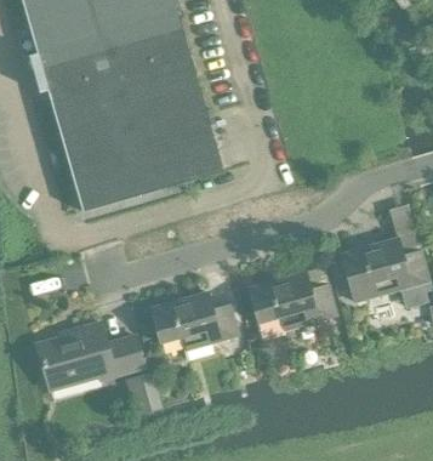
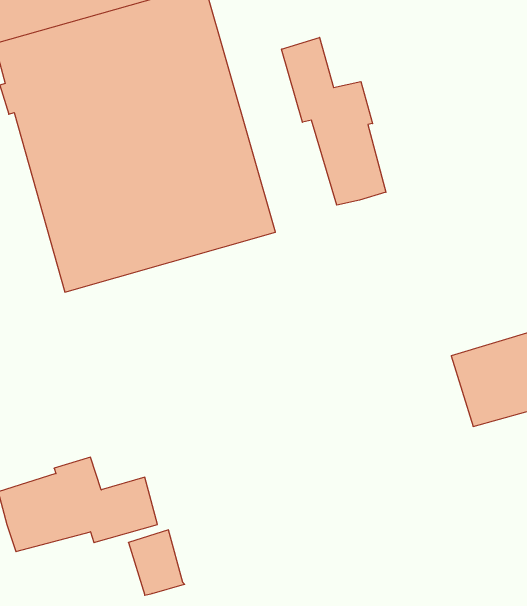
building: none -> [282,37,386,205]
building: [249,272,336,337] -> none
building: [150,291,239,358] -> none

